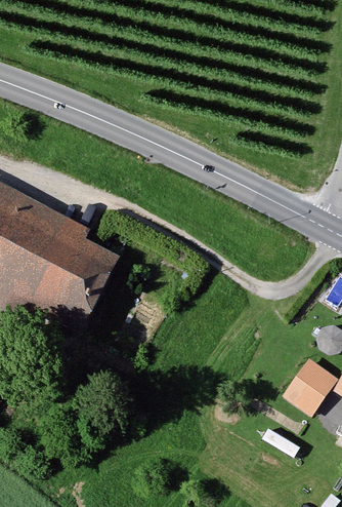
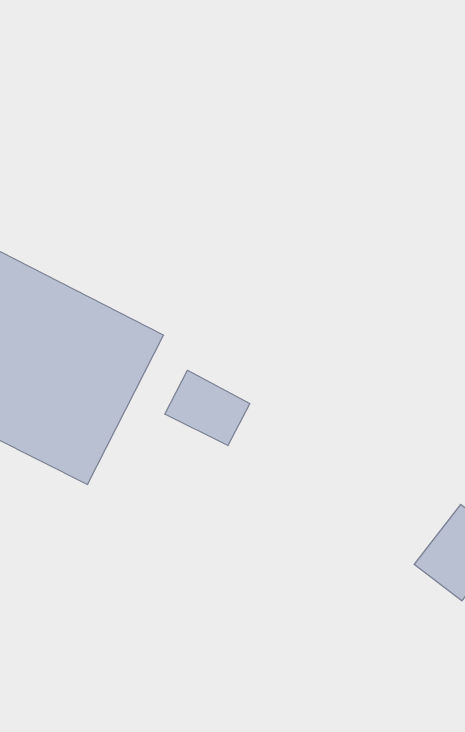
building: none -> [165,370,250,446]

